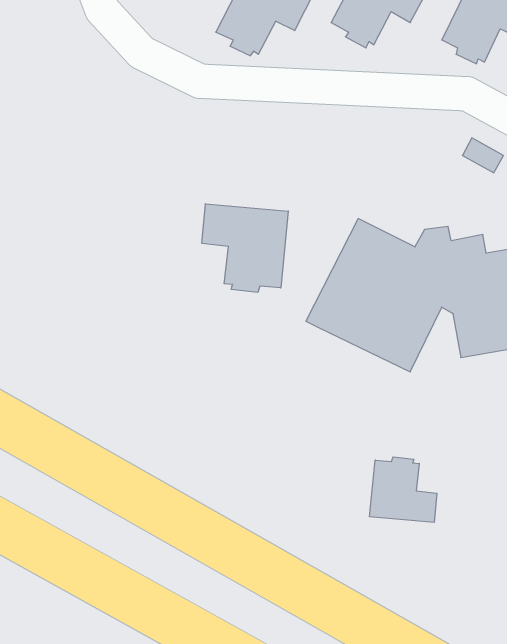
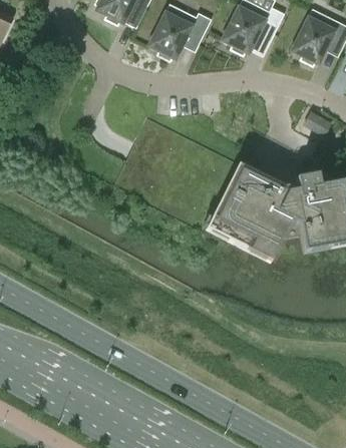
building: [202,204,288,292] -> none
building: [370,457,437,522] -> none

